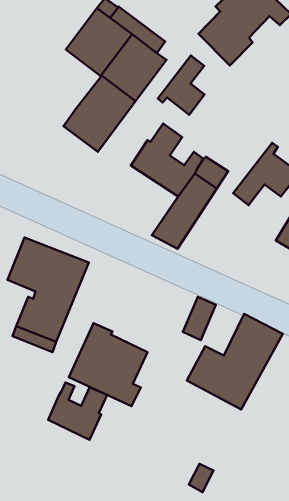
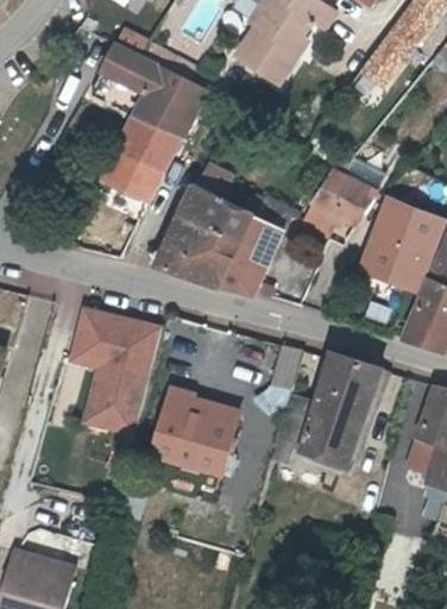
building: [158,56,204,115] -> none
building: none -> [157,212,243,285]
building: [48,382,107,440] -> none

